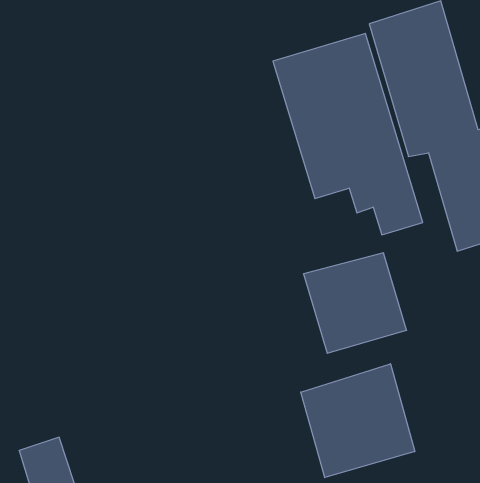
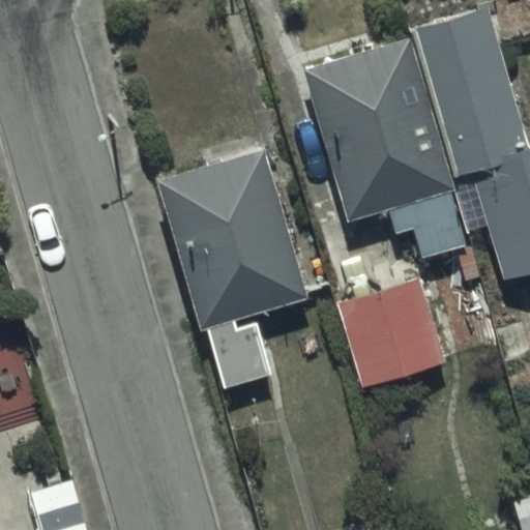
building: none -> [154,150,310,379]
building: [301,364,415,478] -> none

